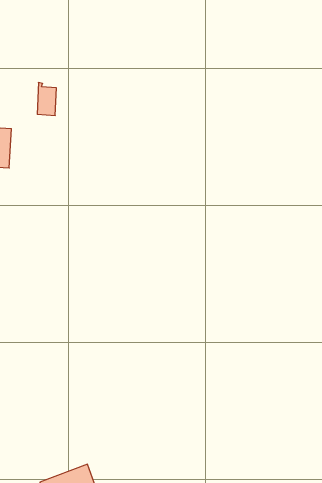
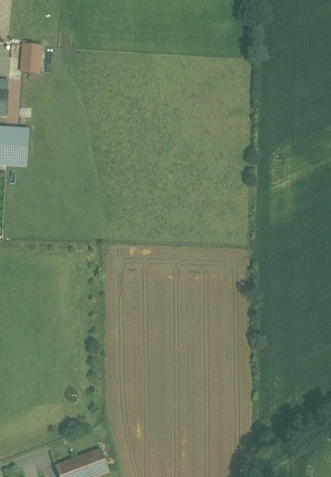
building: [37,83,56,115] -> [21,41,39,72]

